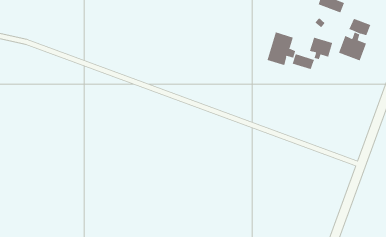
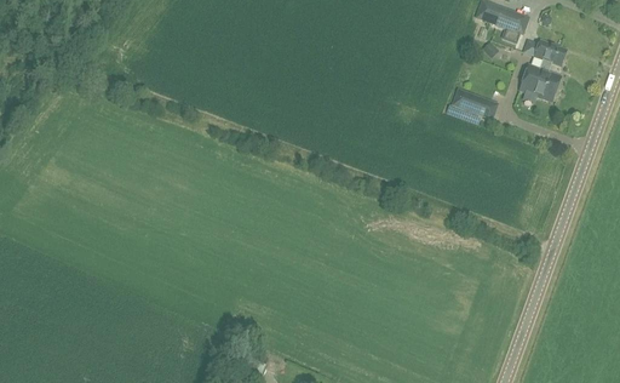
building: [267,32,296,66] -> none
building: [309,37,333,60] -> none

